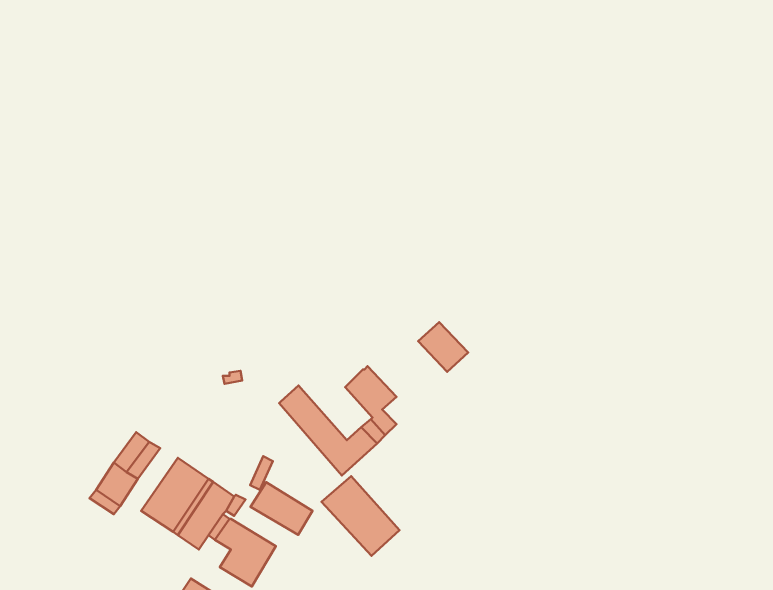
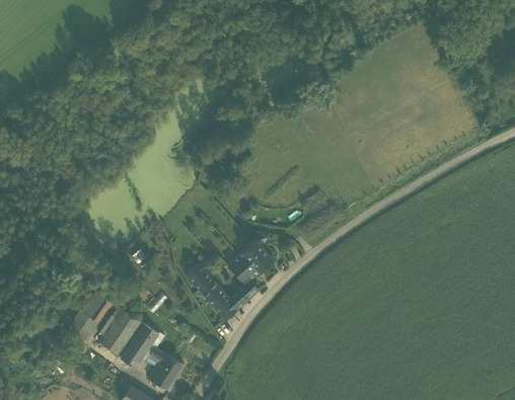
building: [418,322,468,372] -> [240,239,272,270]
building: [322,476,399,556] -> none
building: [251,482,312,535] -> none

